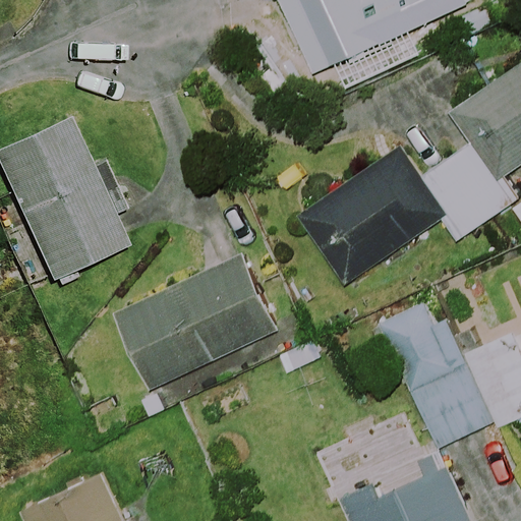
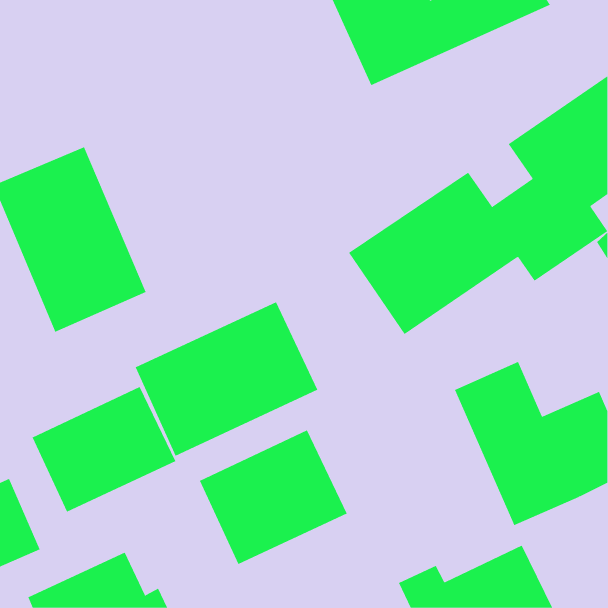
building: none -> [32,386,176,513]
building: none -> [199,430,348,565]

